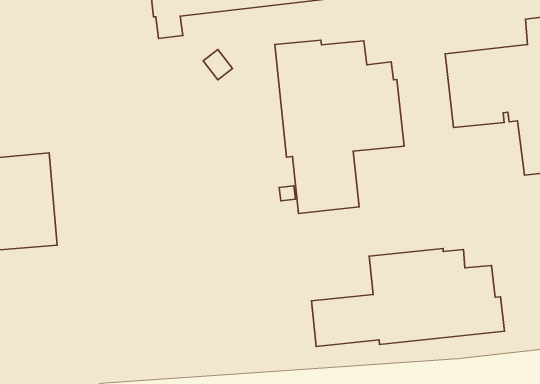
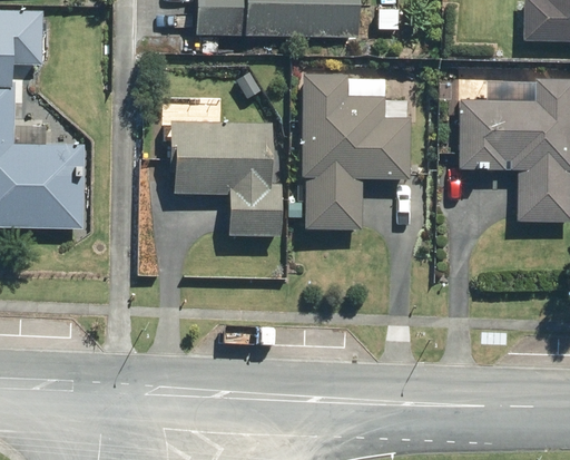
building: none -> [170,121,282,235]
building: [311,249,505,346] -> none

